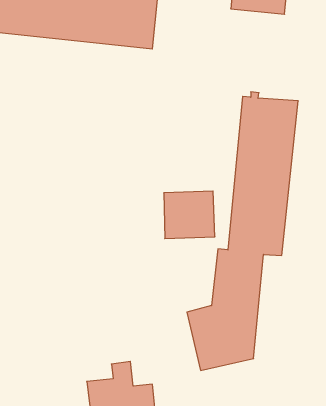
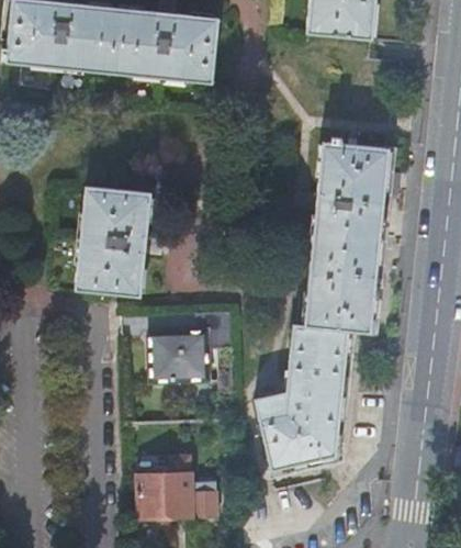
building: none -> [76,184,153,295]
building: [164,191,215,239] -> [149,327,211,384]

